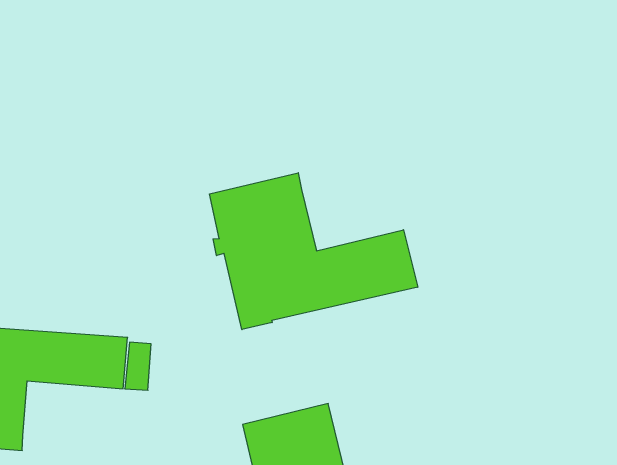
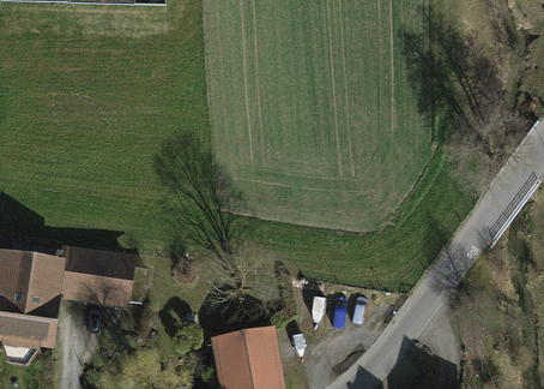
building: [210,173,418,330] -> none

